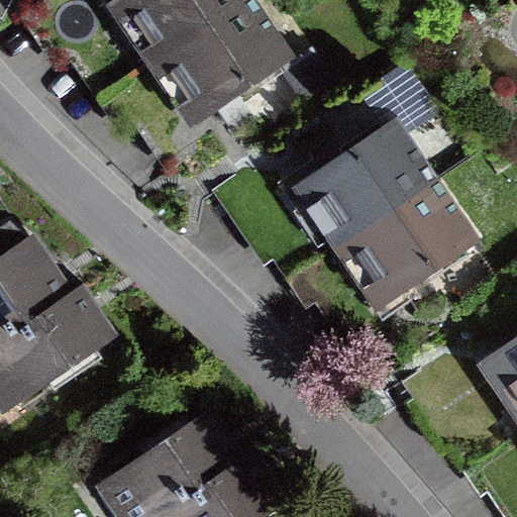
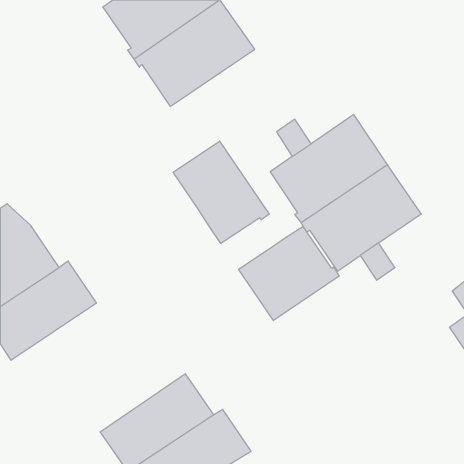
building: none -> [173,141,269,243]
building: none -> [239,227,339,321]

